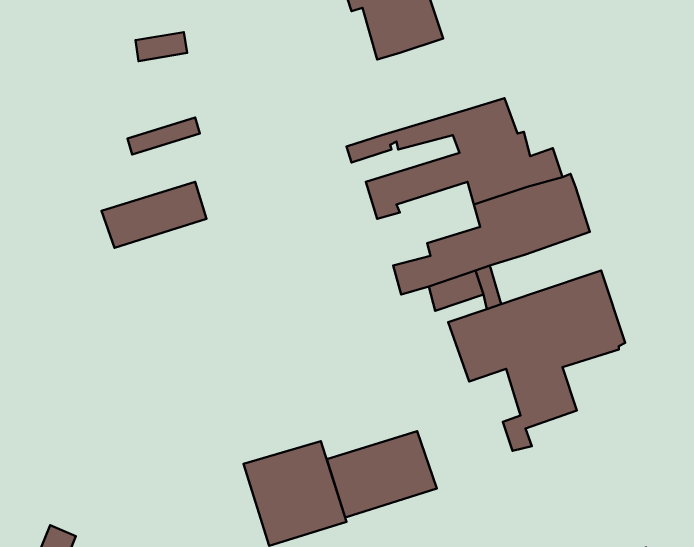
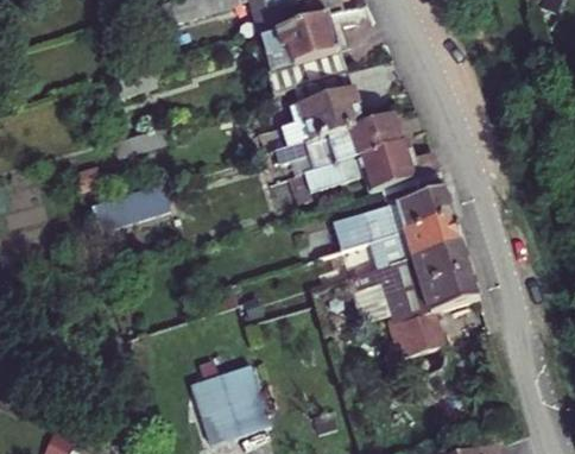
building: none -> [288,70,361,141]
building: none -> [404,213,460,258]
building: [327,431,437,517] -> none

